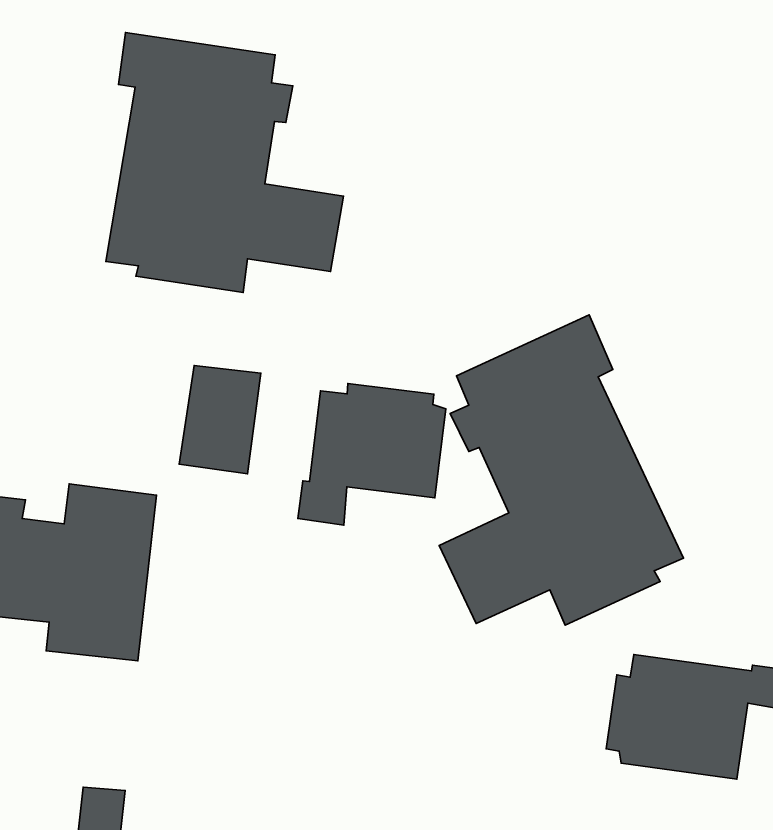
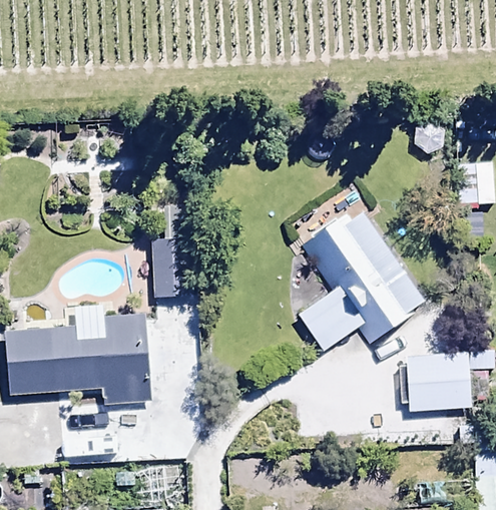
building: [106,32,344,293] -> none
building: [298,384,446,525] -> none

